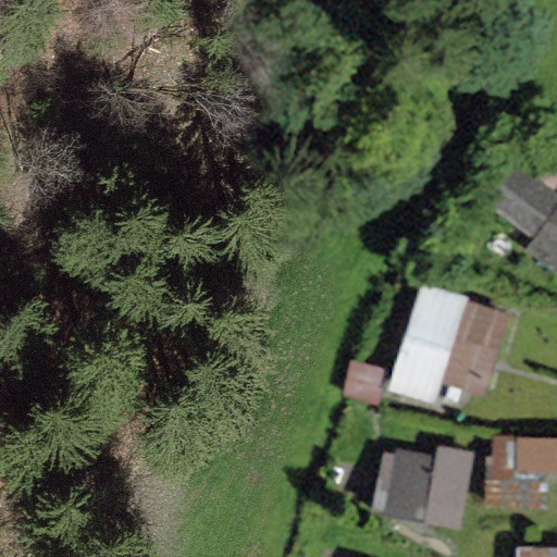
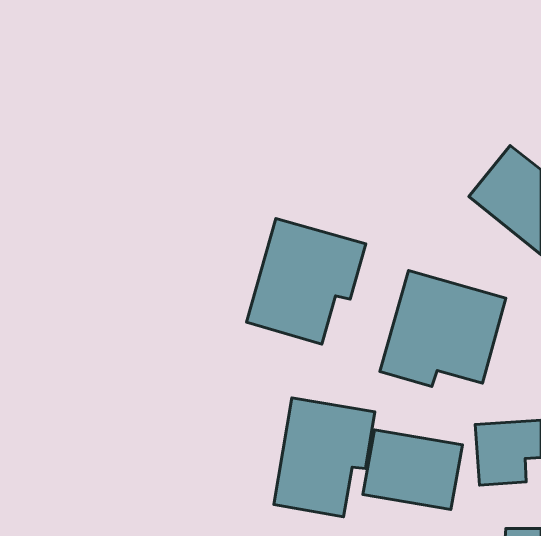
building: none -> [246,219,366,344]
building: none -> [274,398,375,517]

